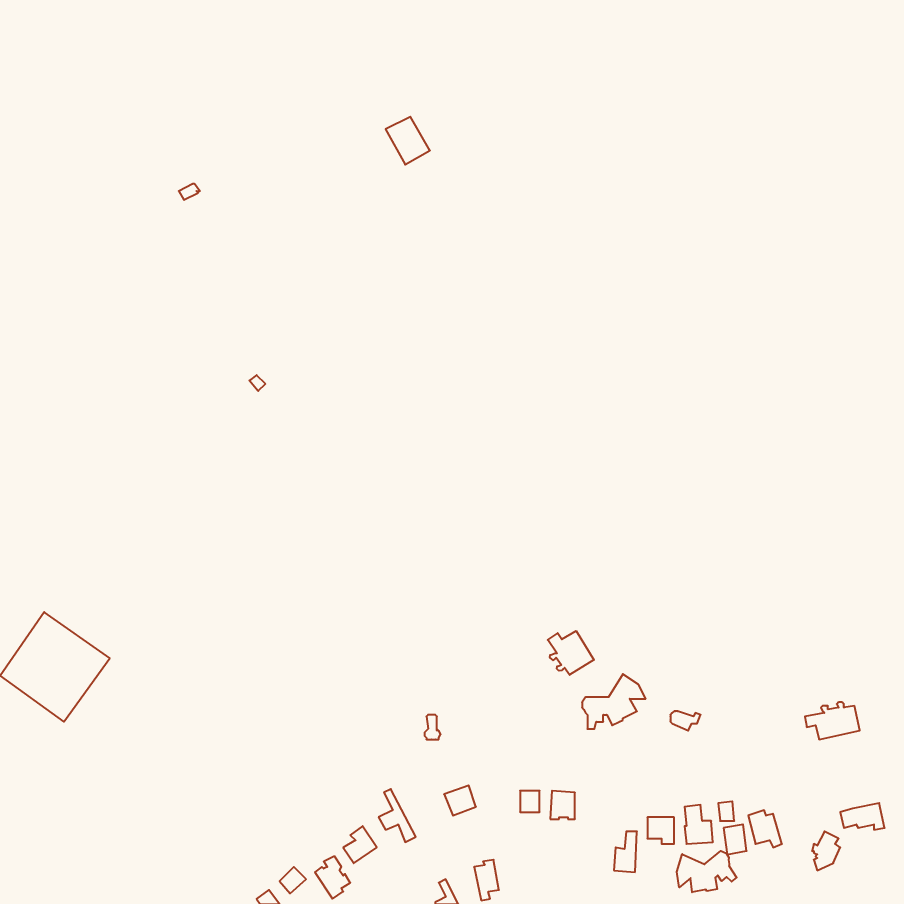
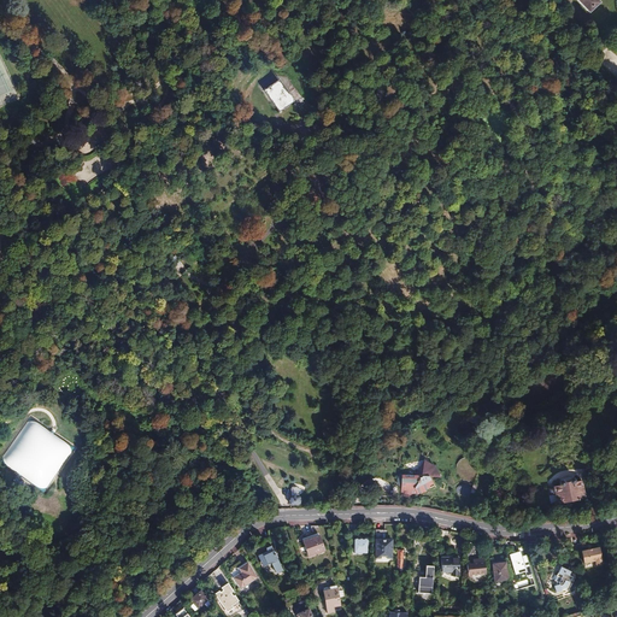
building: [548,631,594,675] -> none
building: [677,851,737,892] -> none

